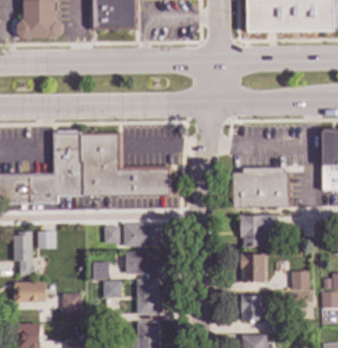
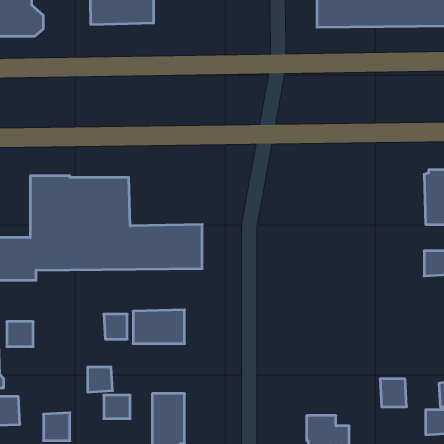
building: [232,168,288,208] -> none
building: [239,215,277,248] -> none
building: [124,252,158,275] -> none
building: [239,254,265,285] -> none

